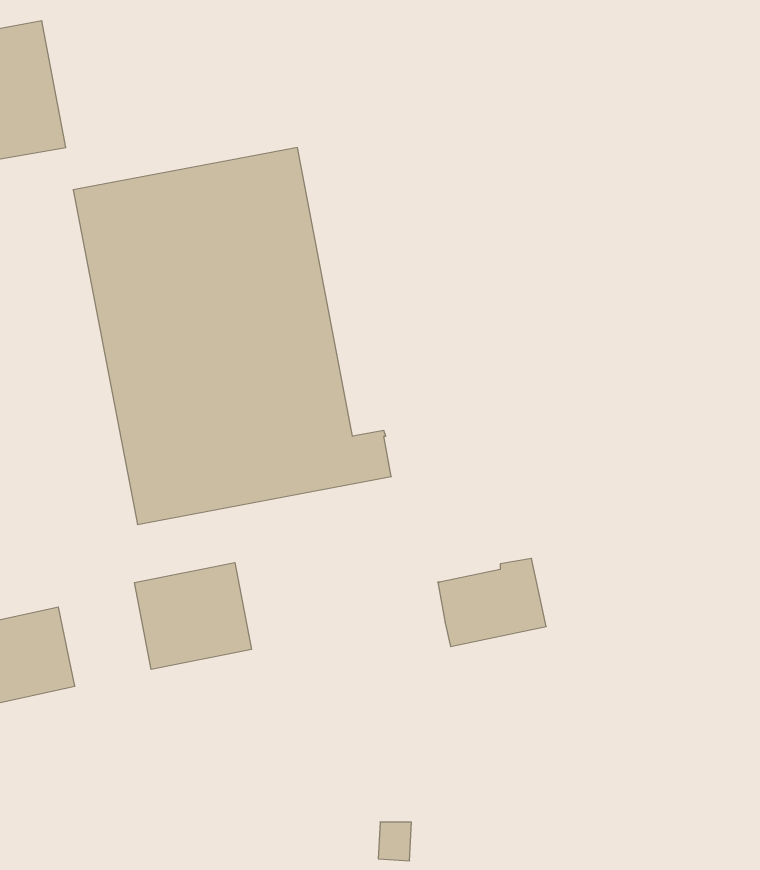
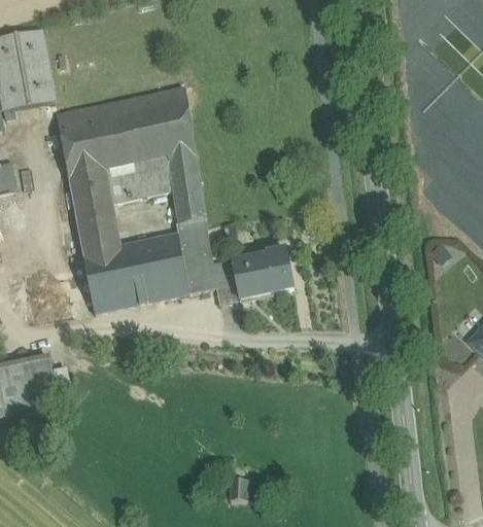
building: [438,558,546,647] -> [232,247,292,296]
building: [134,563,251,669] -> none

